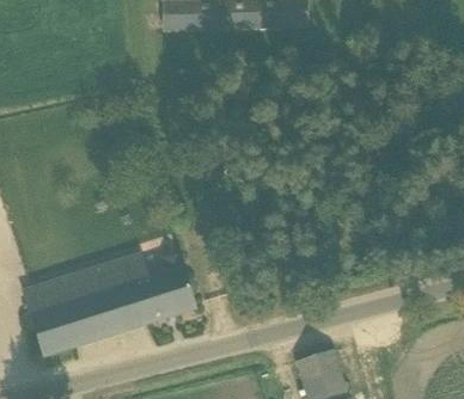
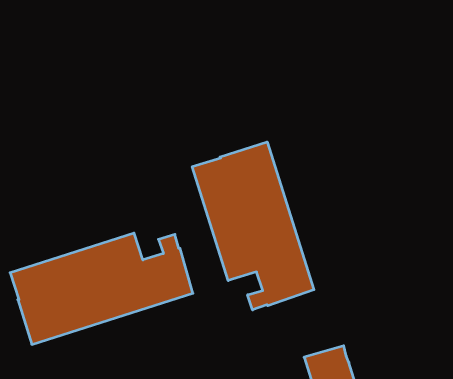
building: none -> [192,142,314,310]

